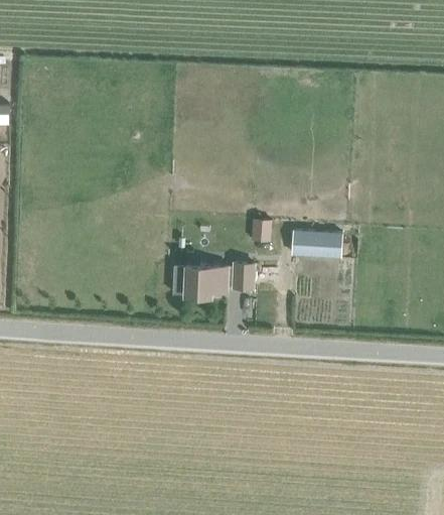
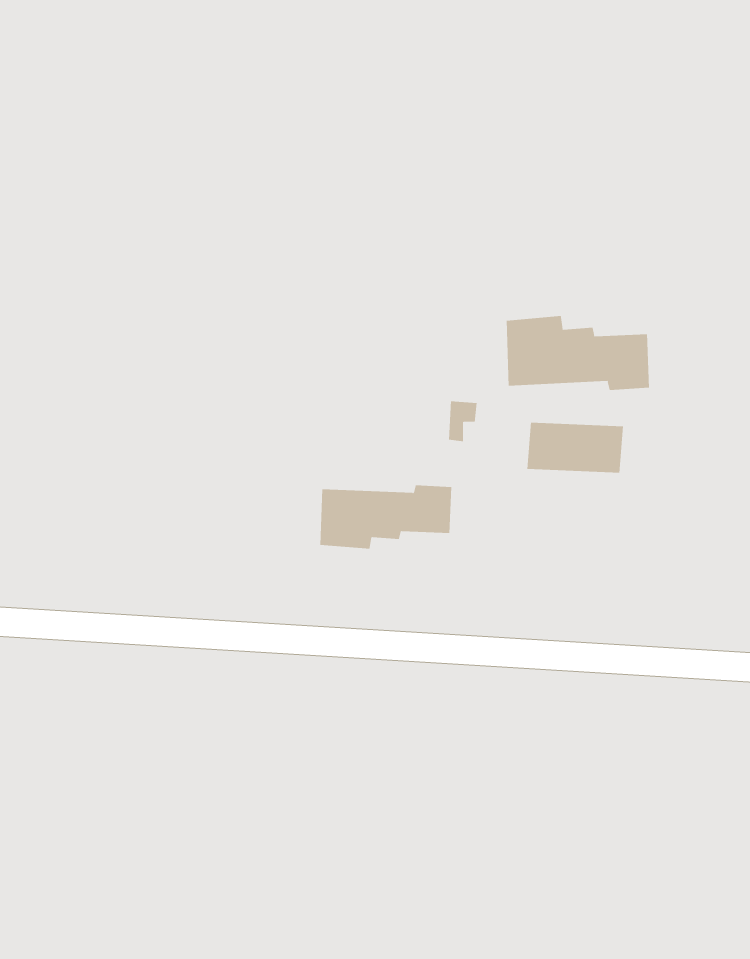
building: none -> [506,315,650,391]

